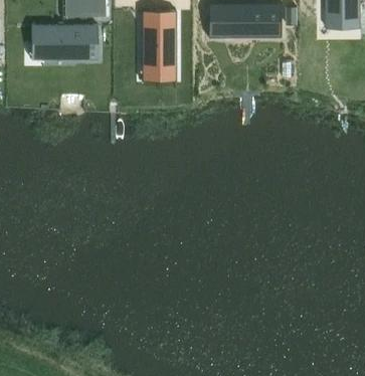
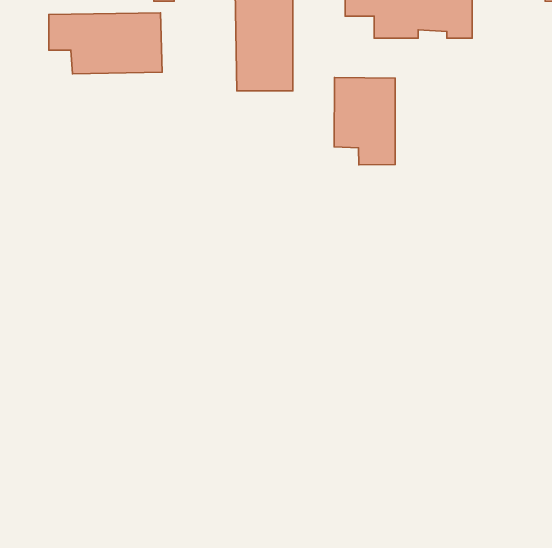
building: none -> [334,77,395,165]

